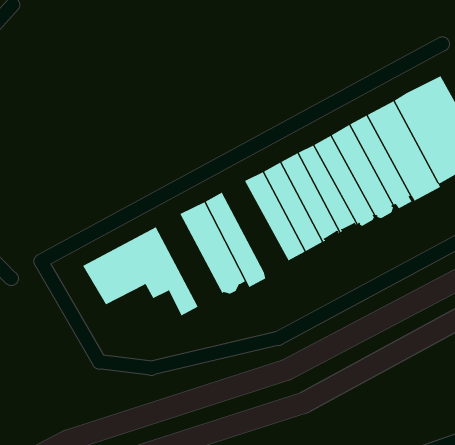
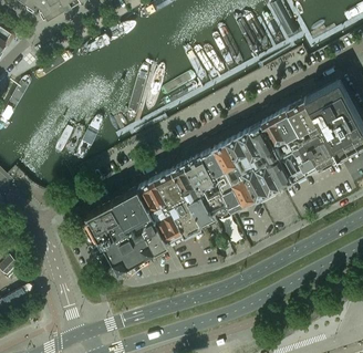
building: none -> [185,156,231,220]
building: none -> [138,179,185,245]
building: none -> [103,229,156,272]

